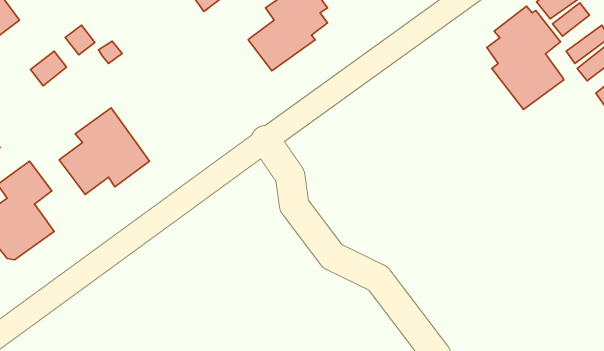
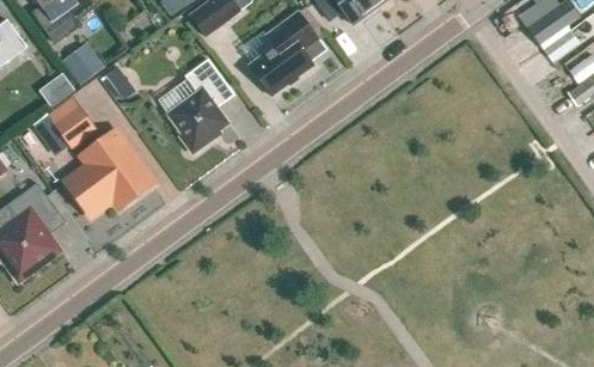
building: [487,6,564,109] -> none
building: none -> [167,57,234,153]
building: none -> [48,97,94,146]

